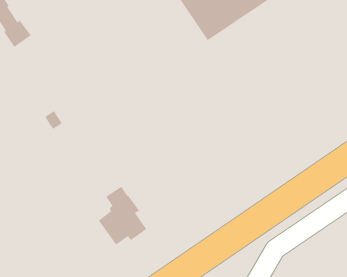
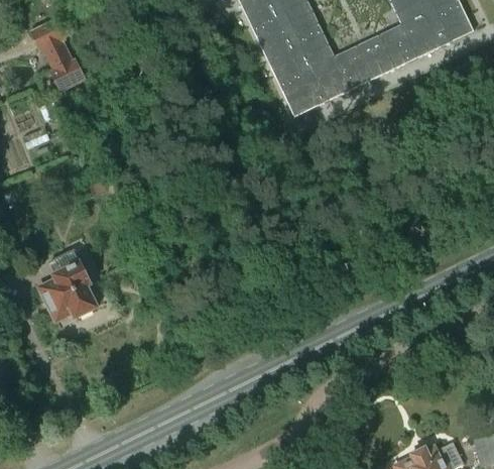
building: [98,186,147,246] -> [38,250,96,321]

